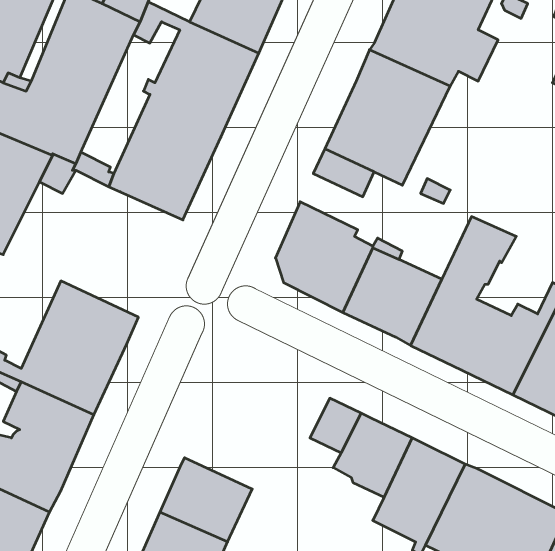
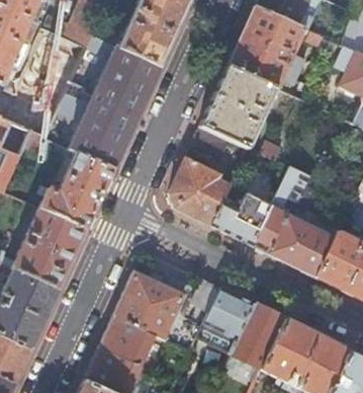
building: none -> [37,152,113,229]
building: none -> [114,271,185,339]

